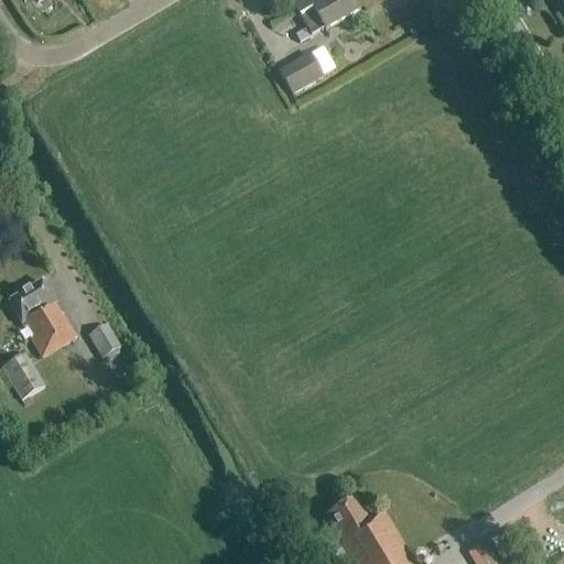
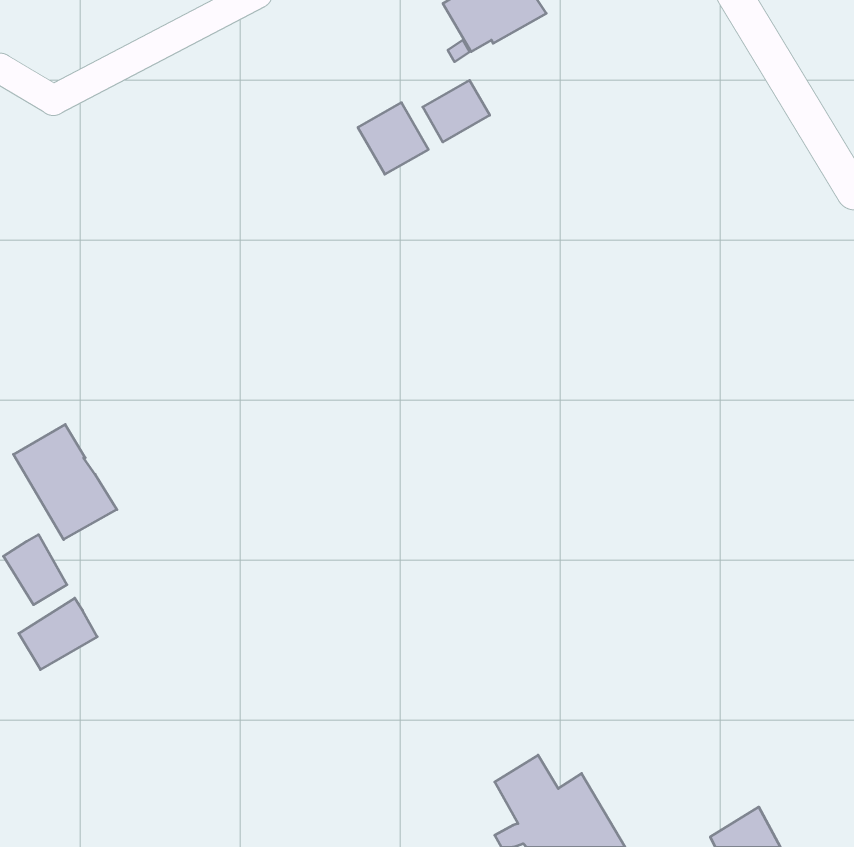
building: none -> [358,103,428,174]
building: [87,324,120,359] -> none
building: none -> [19,598,97,670]

